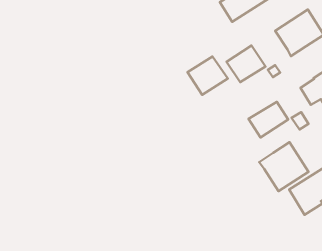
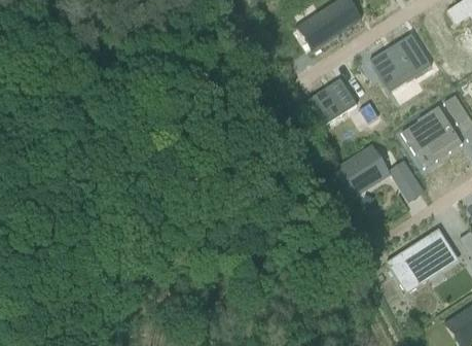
building: [188,57,228,95] -> none
building: [259,142,309,191] -> none

